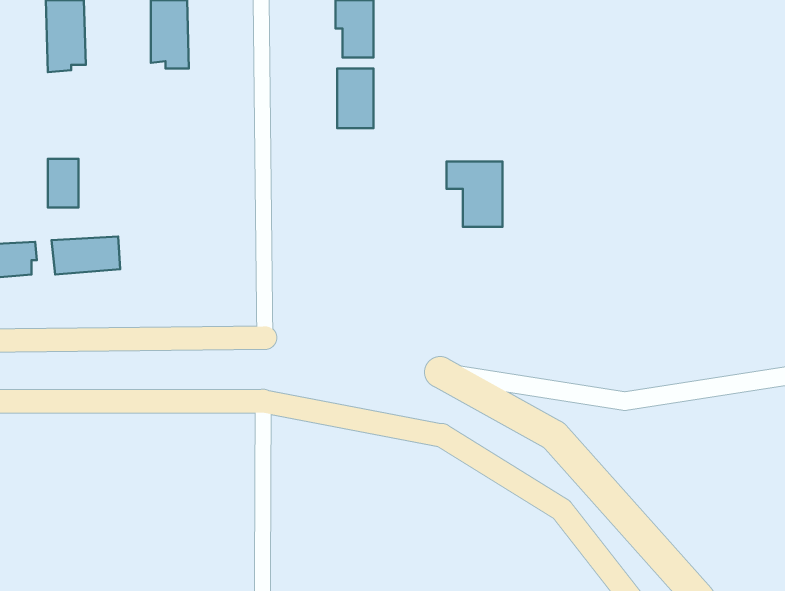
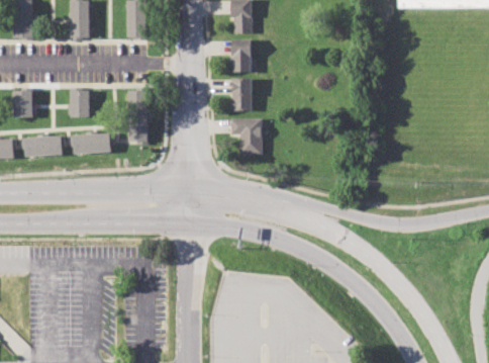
building: none -> [232,77,253,109]
building: none -> [128,90,148,138]
building: [447,162,503,227] -> [230,118,262,155]

